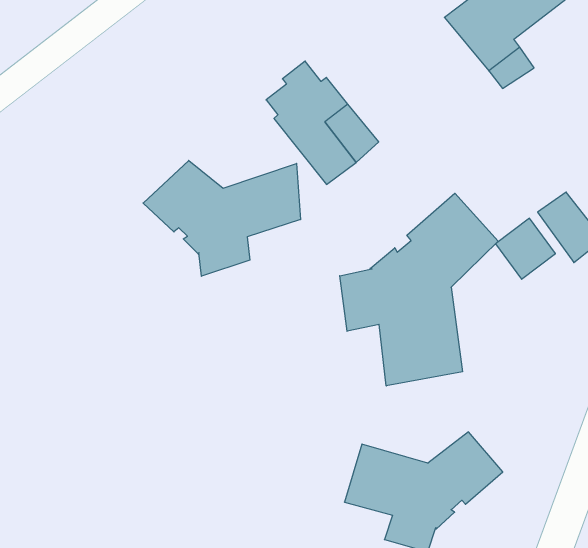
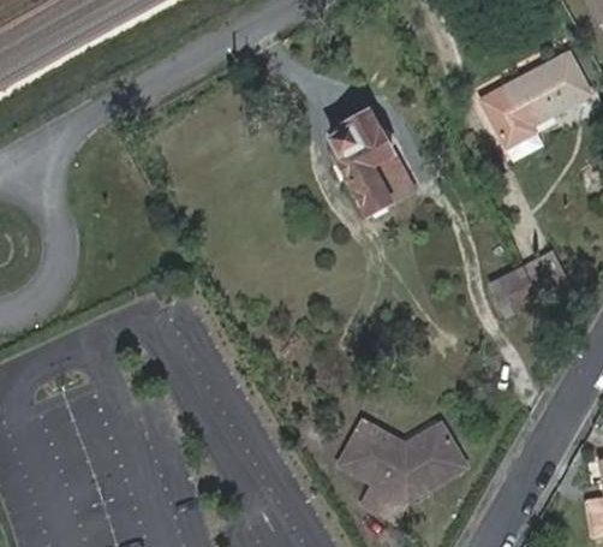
building: [143,160,301,276] -> none
building: [340,193,498,386] -> none

